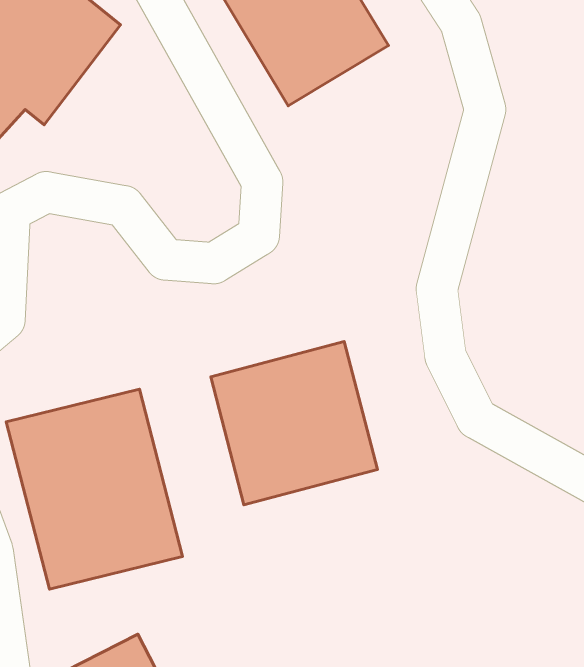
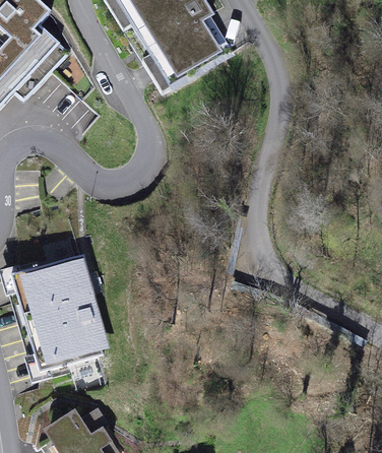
building: [211,341,377,505] -> none

